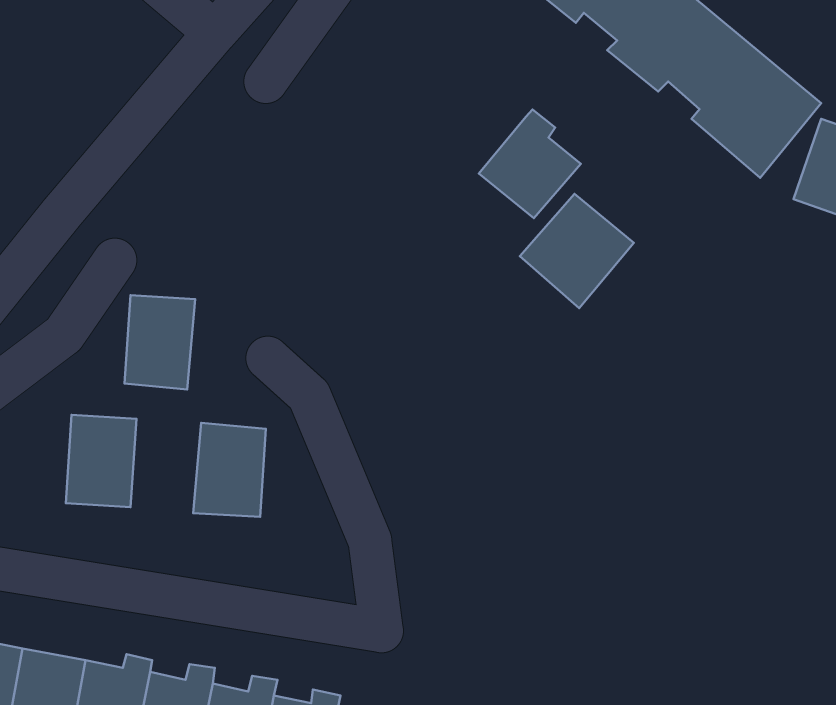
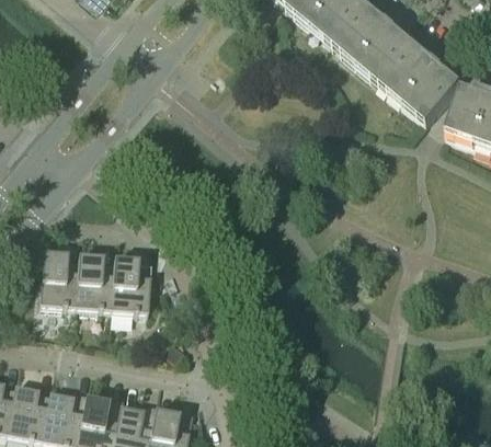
building: [479,110,581,218] -> none
building: [520,194,634,308] -> none
building: [125,295,195,389] -> [79,260,118,312]

